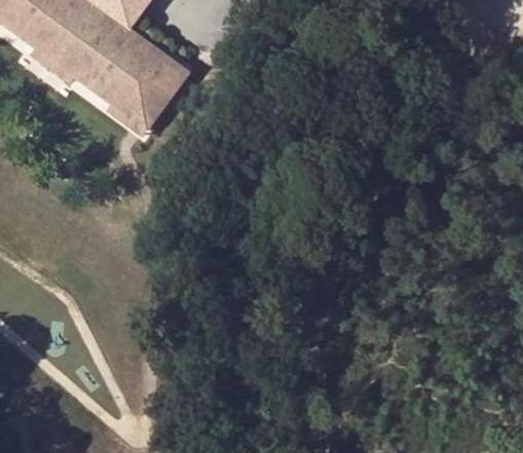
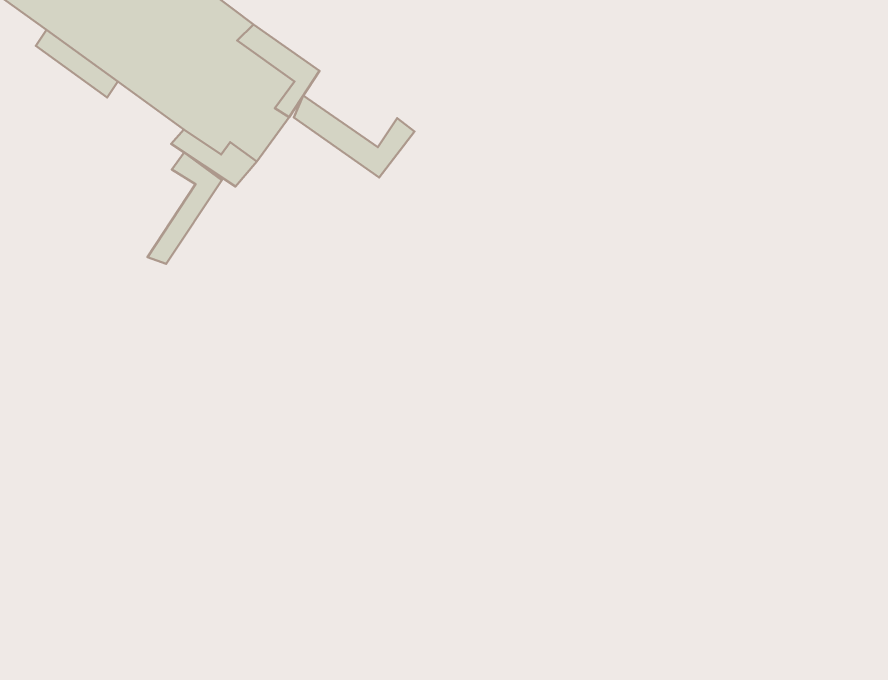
building: none -> [294,96,414,177]
building: none -> [148,152,222,264]

